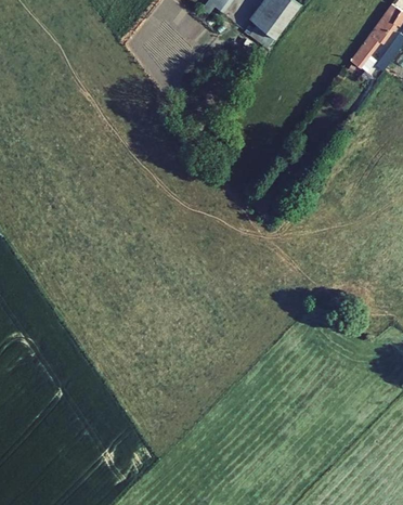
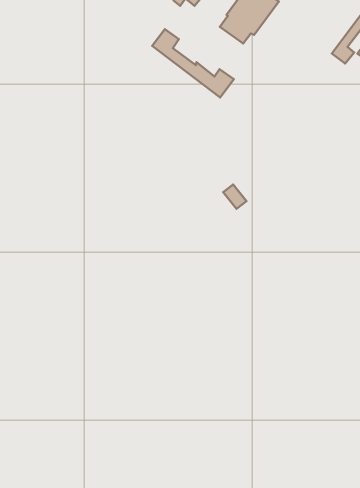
building: none -> [152,29,234,98]

